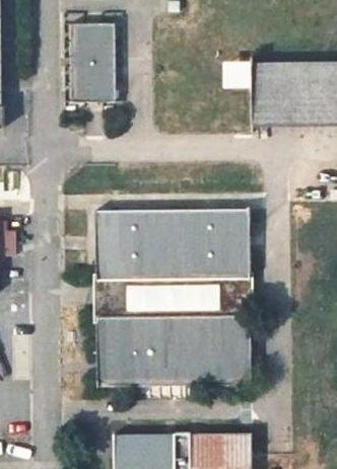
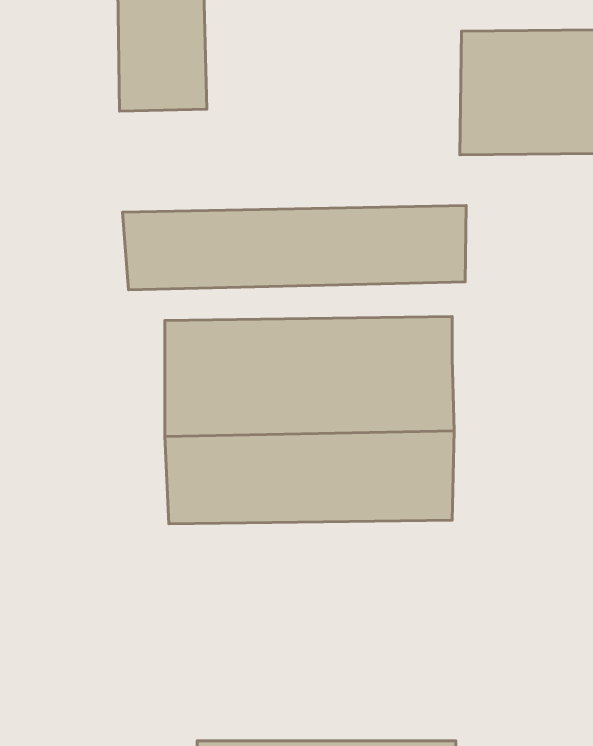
building: none -> [122,205,466,290]
building: [96,320,251,379] -> none

